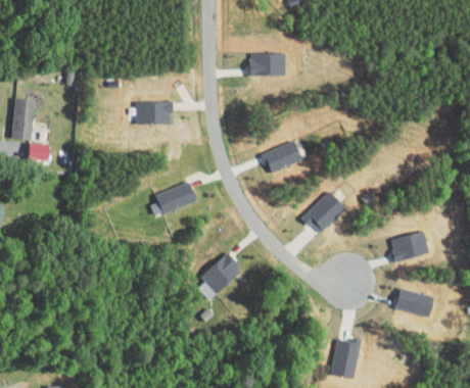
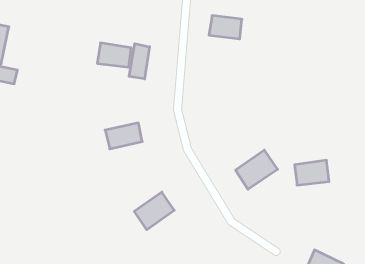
building: none -> [129,44,150,79]
building: [264,141,302,171] -> none
building: [390,230,430,261] -> [295,160,329,185]

